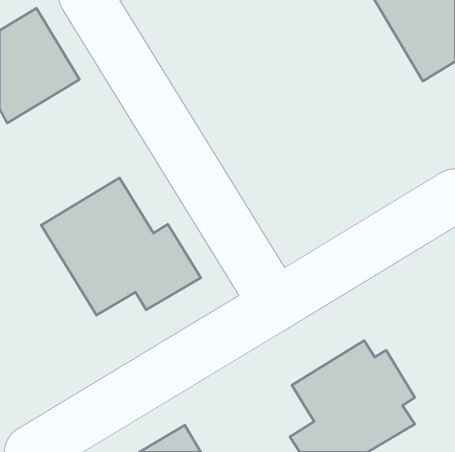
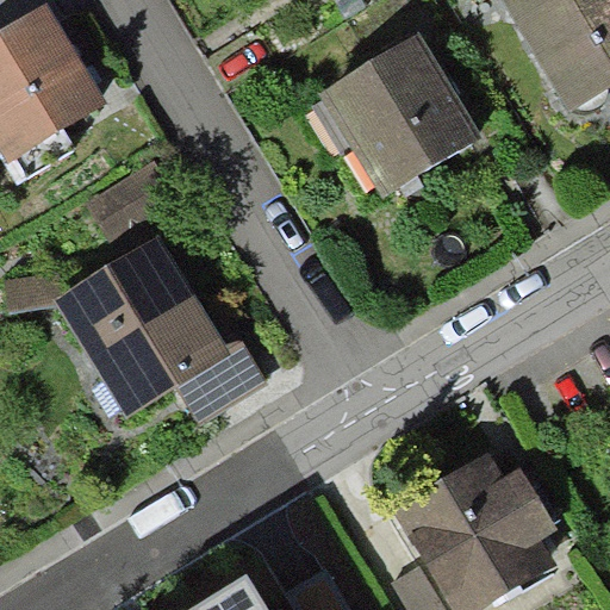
building: none -> [320,36,477,188]

